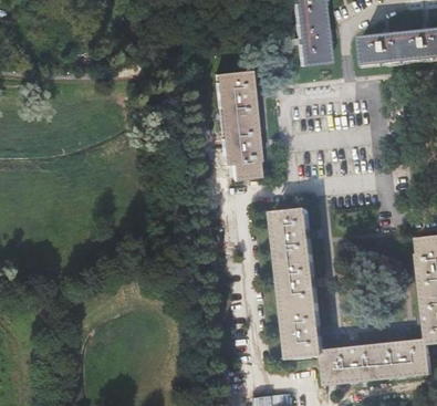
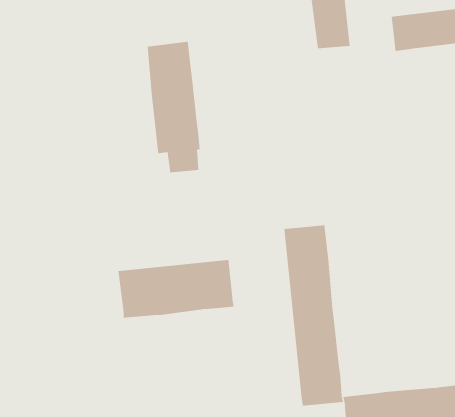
building: [216,69,260,177] -> [147,41,201,173]
building: none -> [118,259,234,319]

